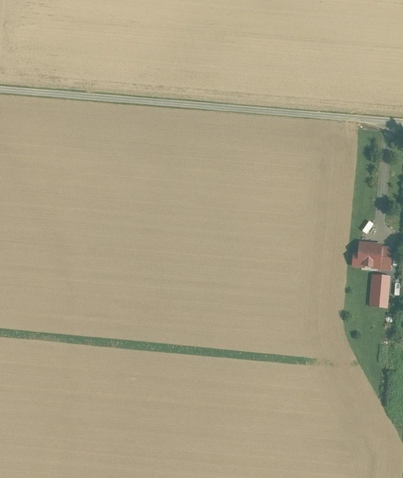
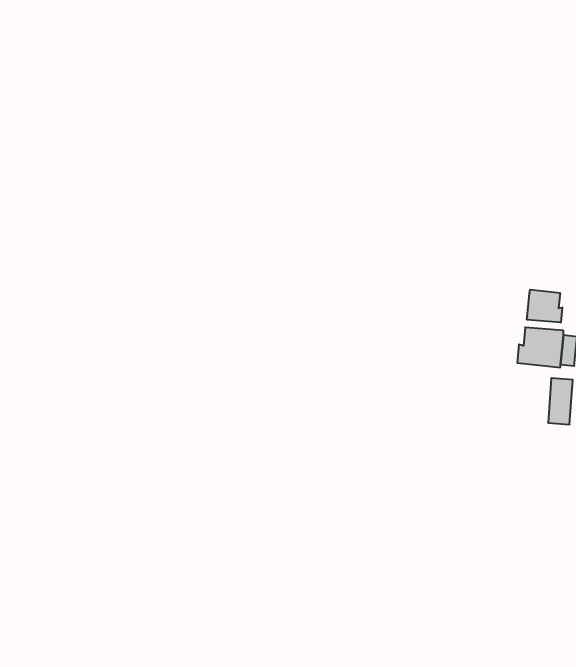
building: none -> [527,290,562,323]

